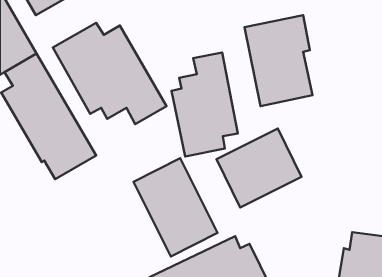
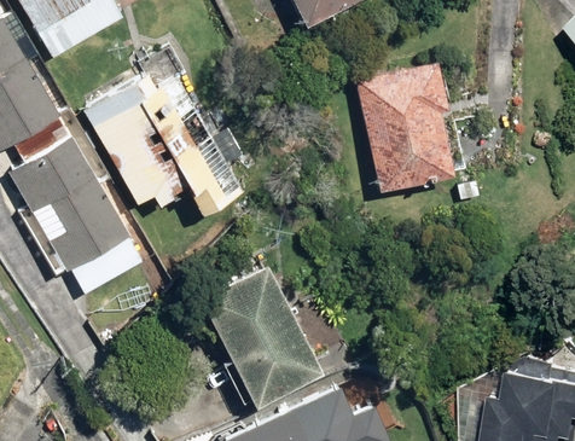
building: [172,52,238,157] -> none
building: [216,128,302,208] -> none

